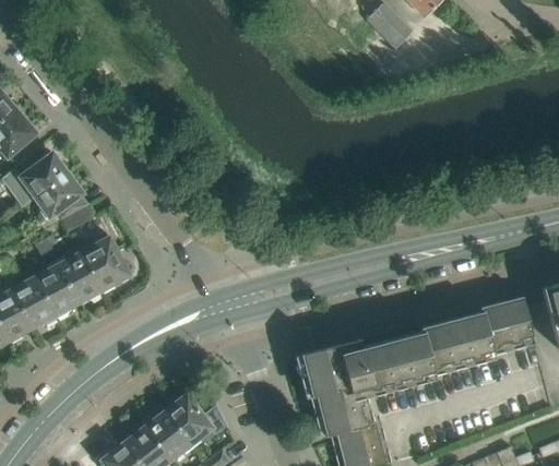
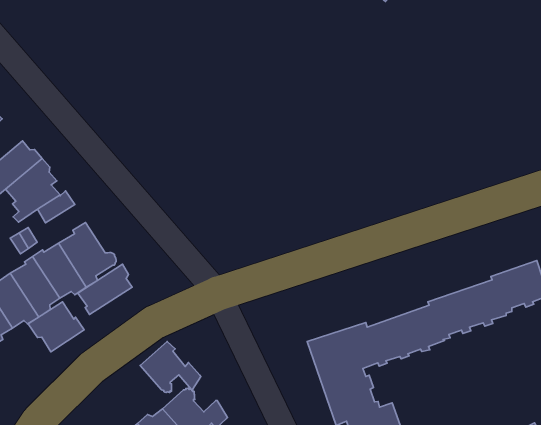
building: none -> [78,264,132,315]
building: none -> [28,302,84,352]
building: none -> [140,342,201,393]

